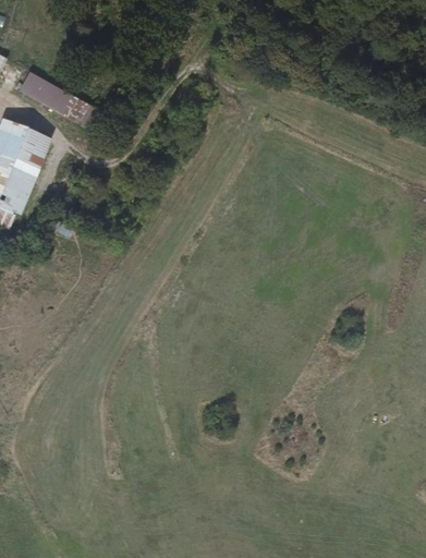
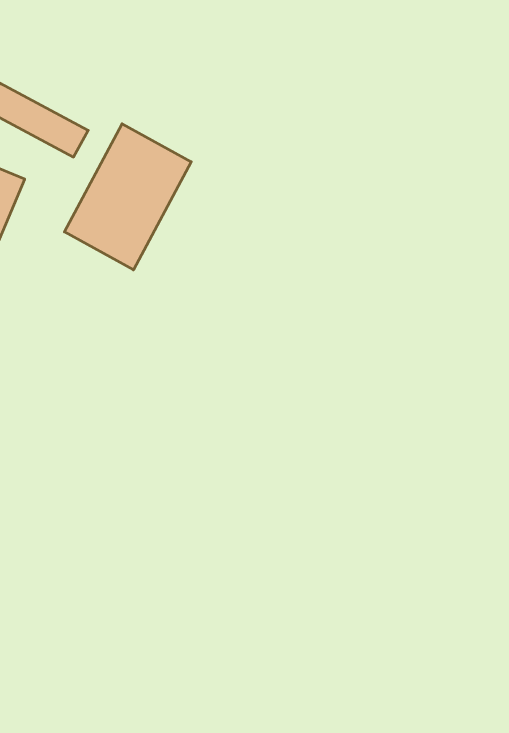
building: none -> [64,124,191,270]

